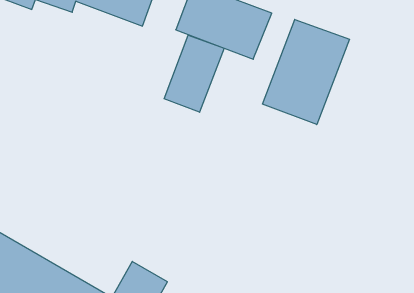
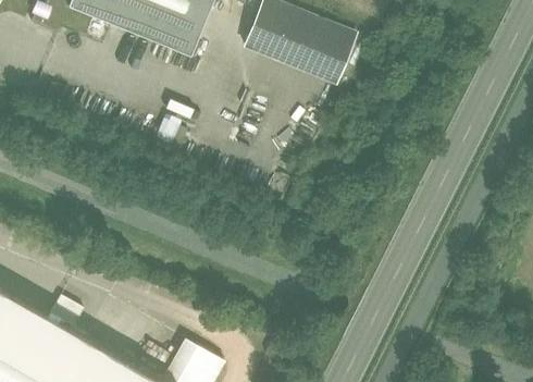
building: [263,19,350,125] -> none
building: [164,35,224,112] -> none

